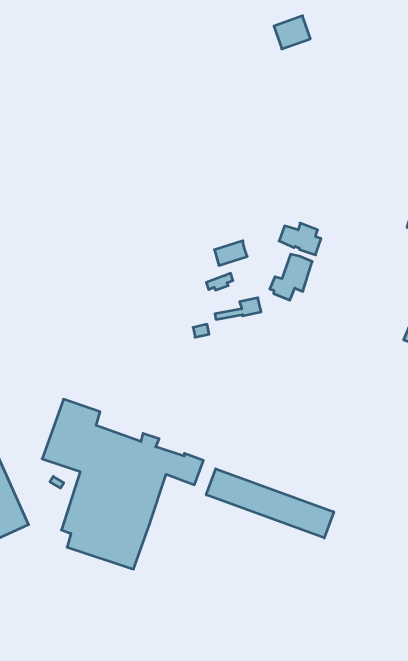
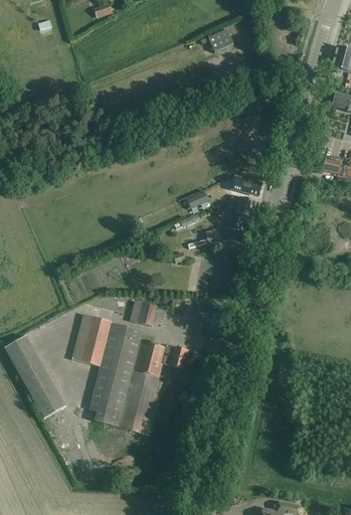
building: none -> [130,300,156,325]
building: [206,469,334,538] -> none

